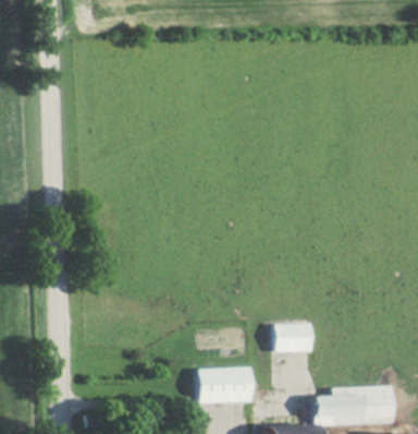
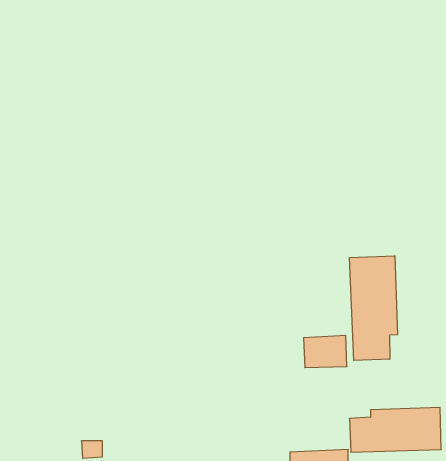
building: none -> [349,256,397,360]
building: [198,366,251,402] -> none

